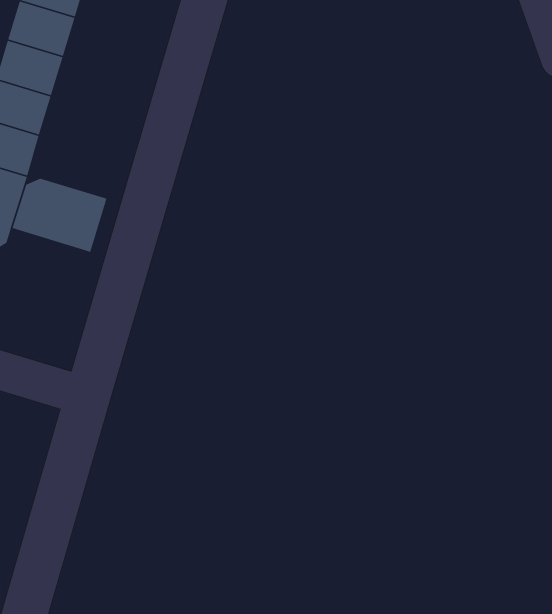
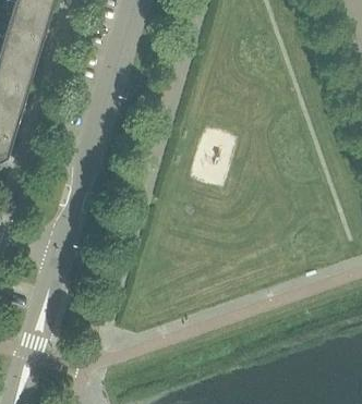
building: [12,178,108,253] -> none

